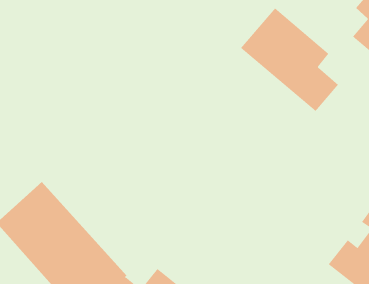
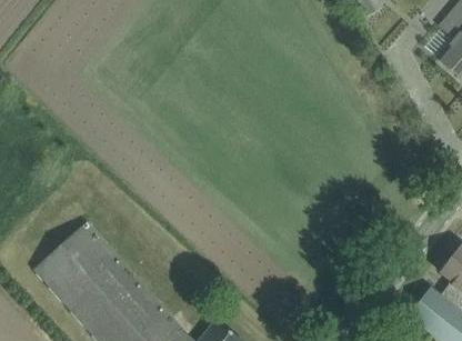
building: [240,8,339,112] -> none

